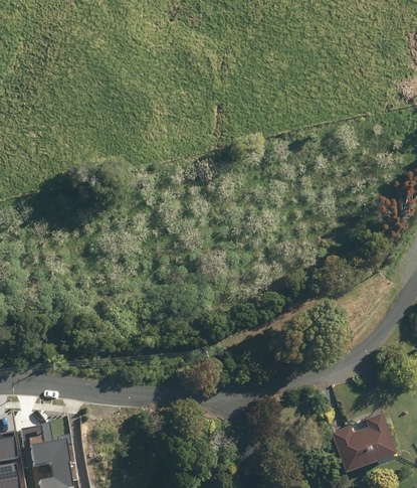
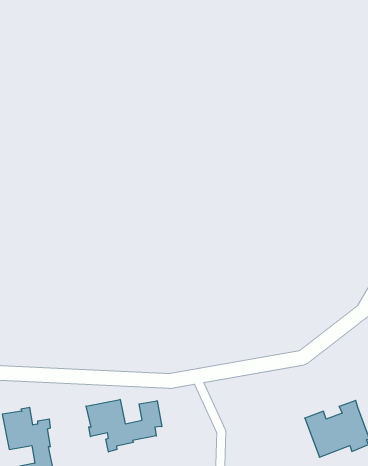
building: none -> [86,399,162,452]

